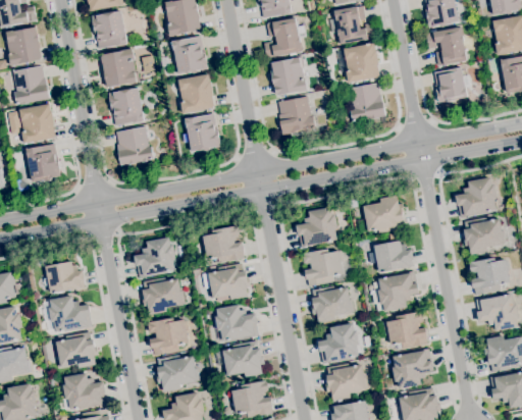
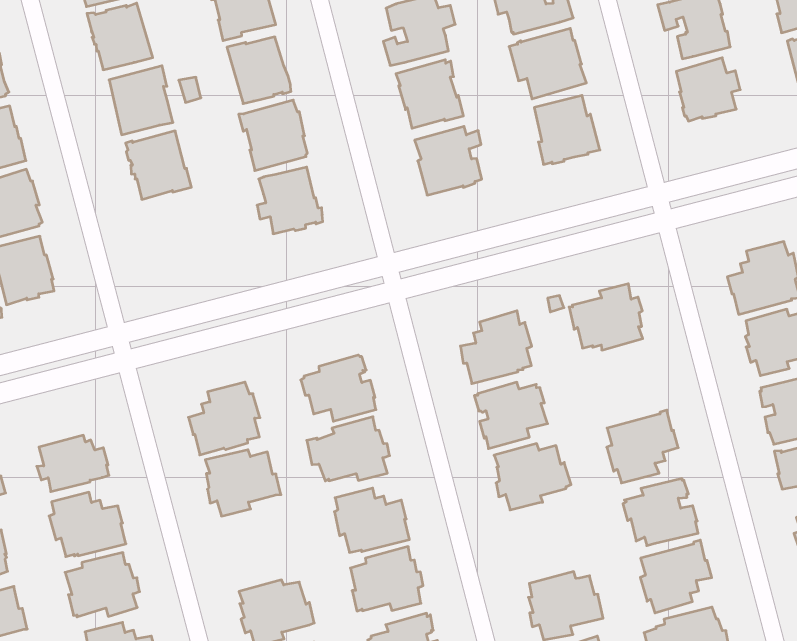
building: [116,126,154,166] -> none
building: [370,233,414,273] -> none
building: [148,318,190,356] -> none
building: [318,323,360,364] -> none

